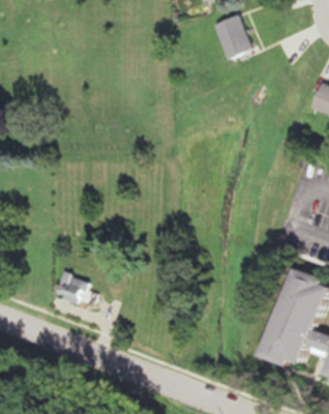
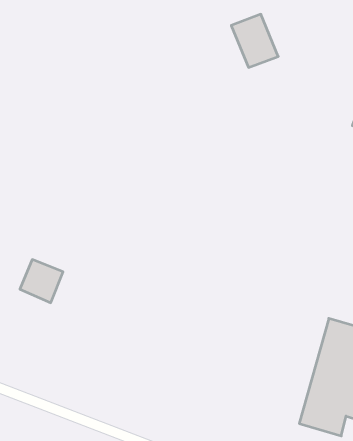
building: [51,270,87,306] -> [20,260,63,303]

